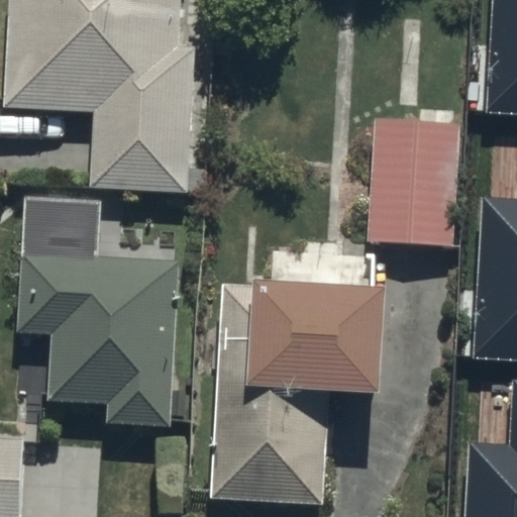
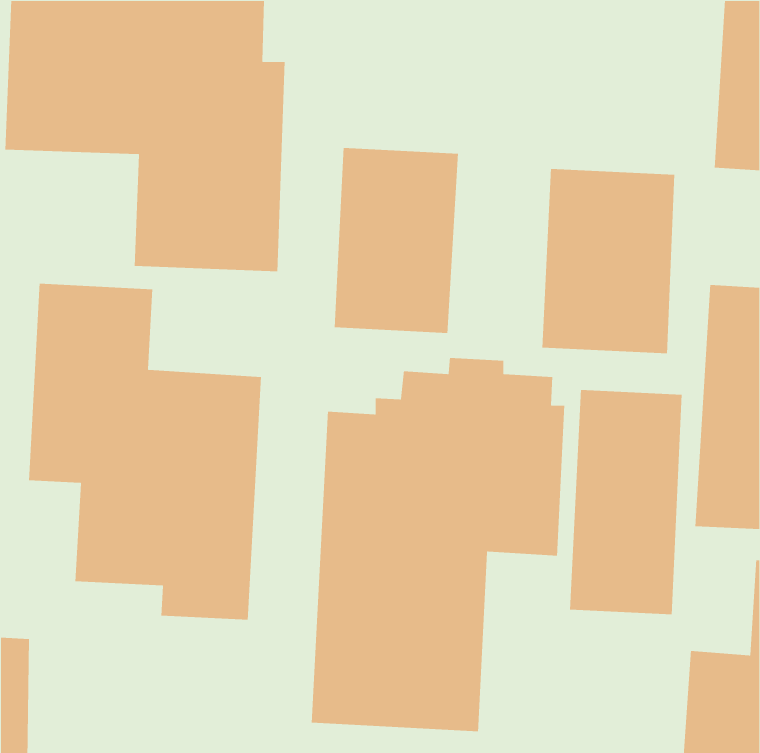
building: none -> [334,147,459,334]
building: none -> [569,389,683,615]

